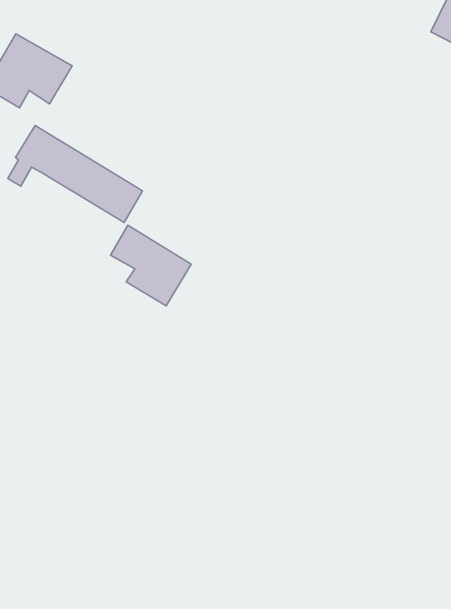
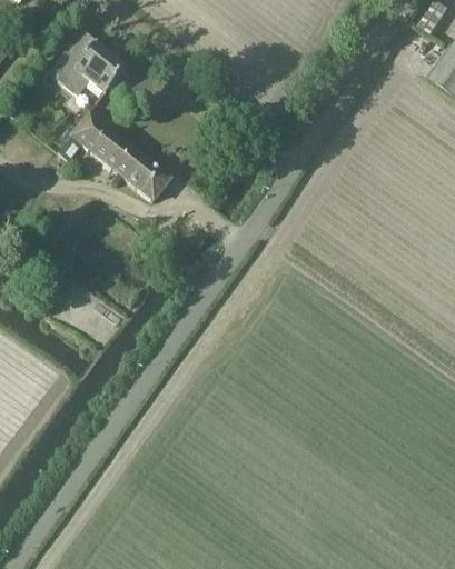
building: [110,225,191,306] -> none

